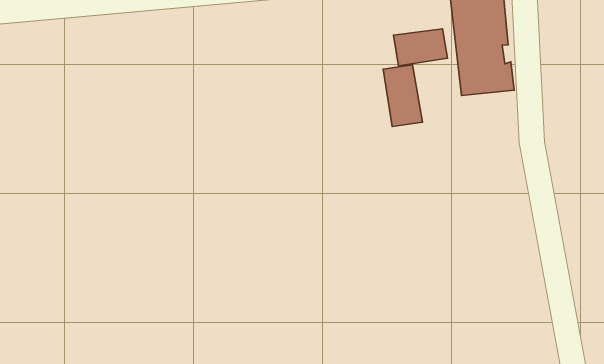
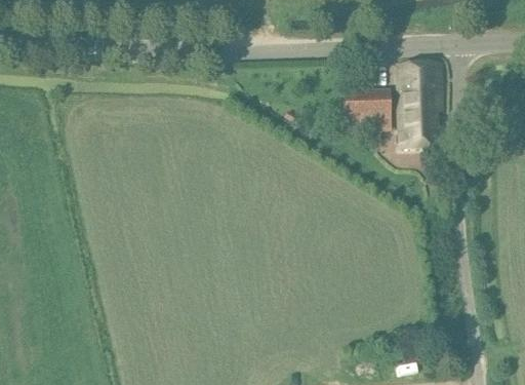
building: [383,65,423,127] -> none

